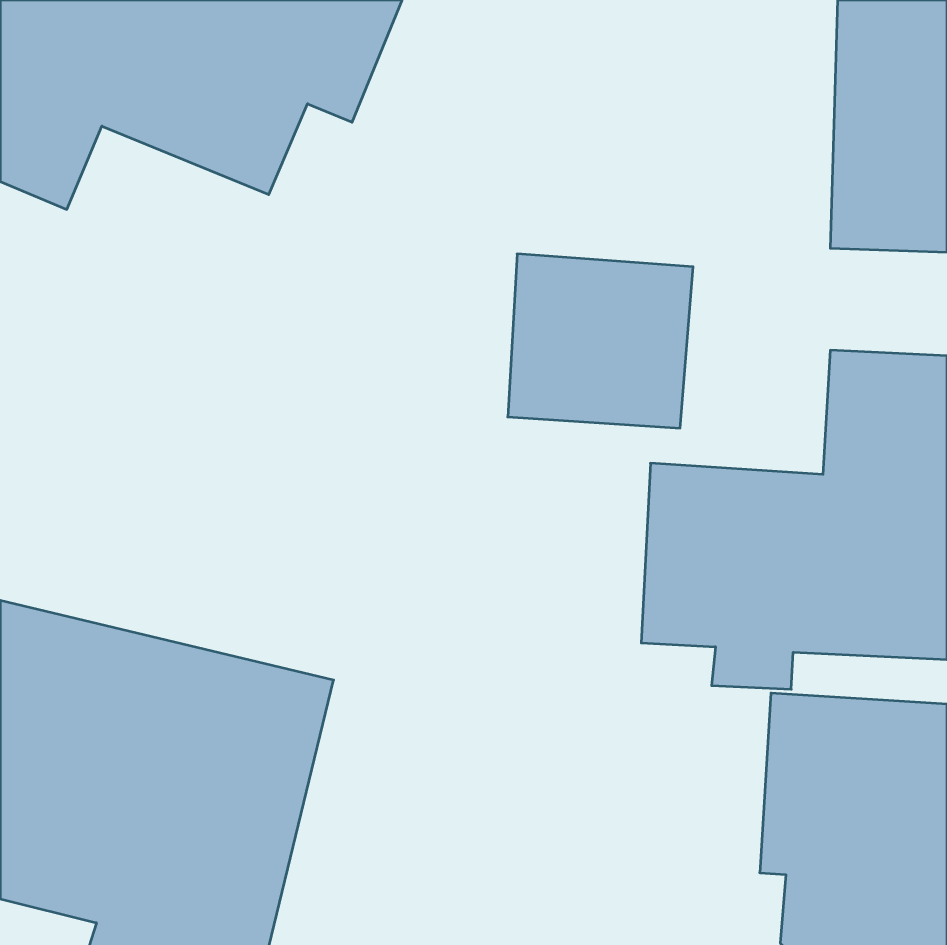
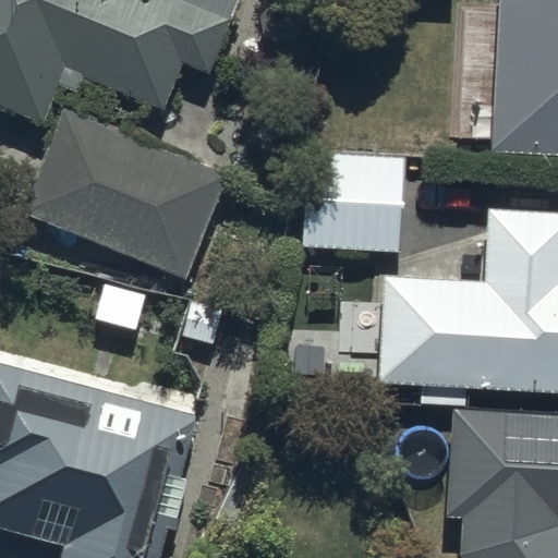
building: none -> [25,112,228,278]

